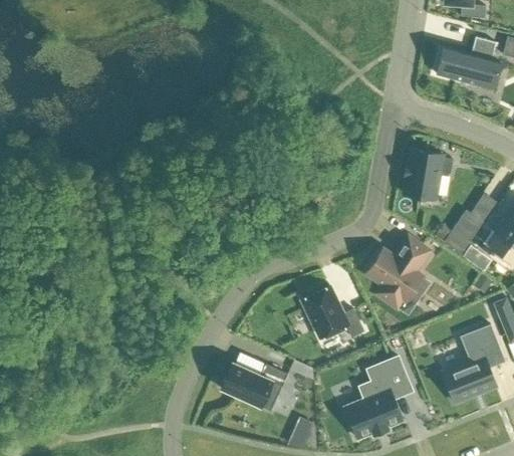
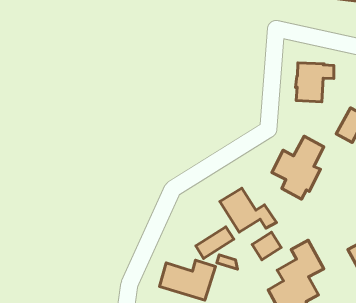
building: none -> [196,227,234,258]
building: none -> [252,232,281,260]

